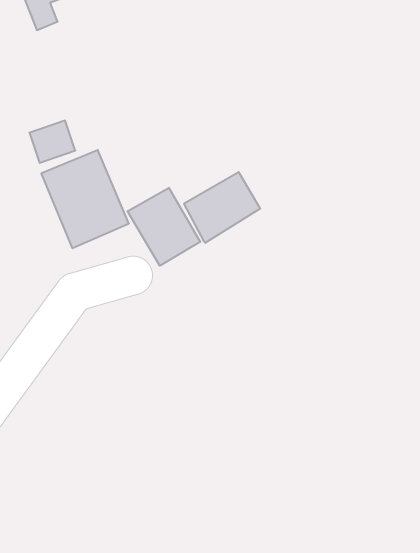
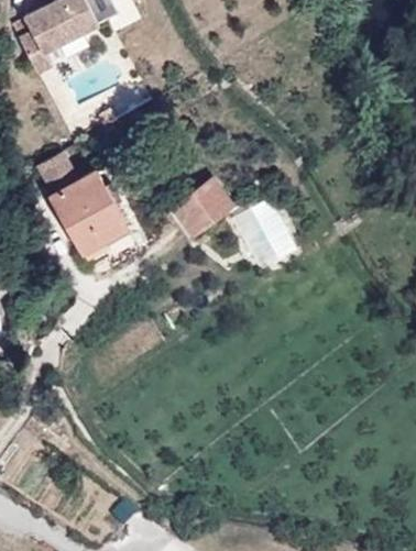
building: [128,188,200,266] -> none

